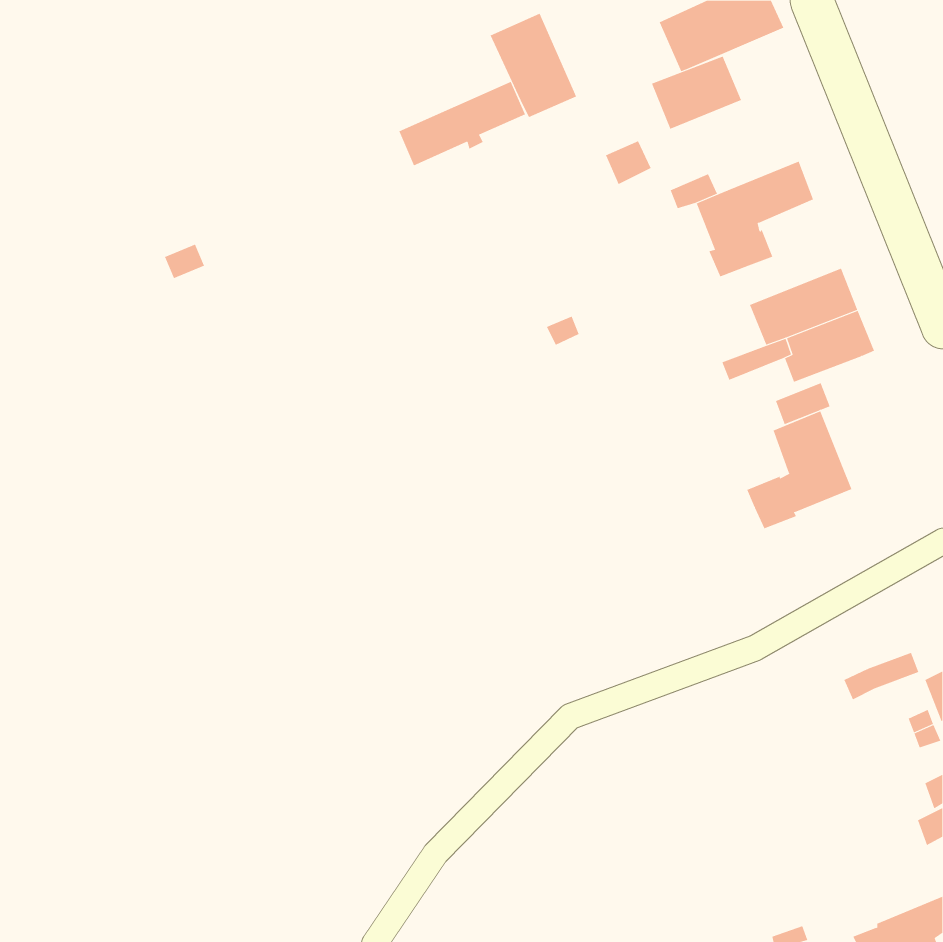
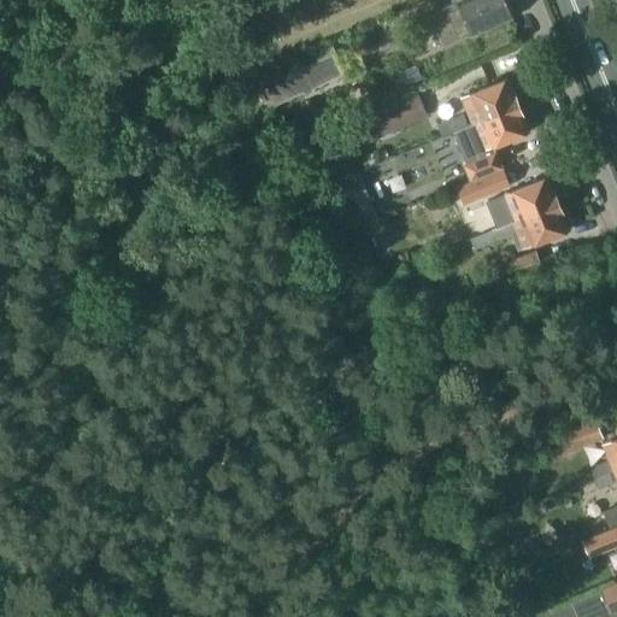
building: [490,13,577,118] -> none
building: [651,56,742,130] -> [463,77,522,125]
building: none -> [460,169,511,204]
building: [746,410,852,529] -> none

